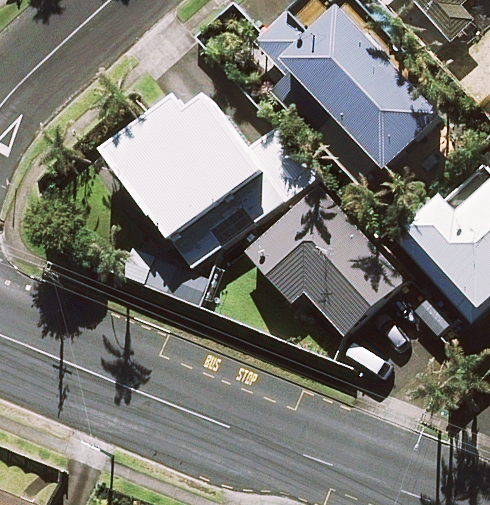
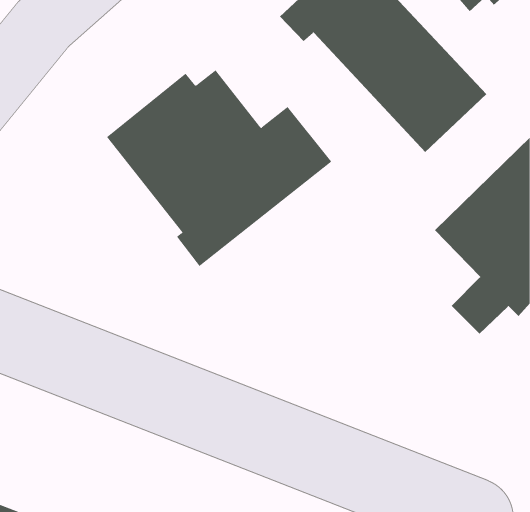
building: [246,184,404,333] -> none

